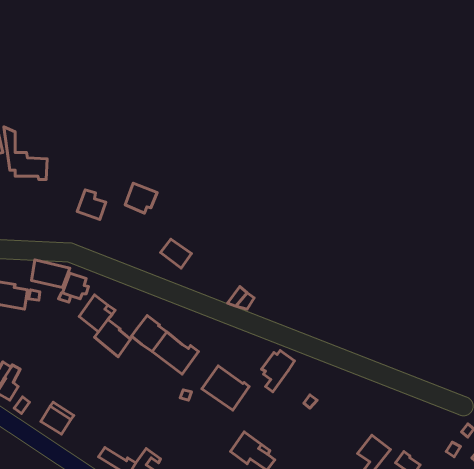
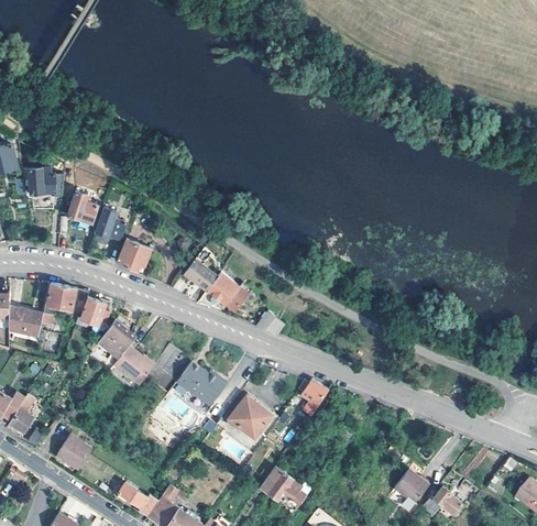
building: none -> [67,191,96,223]
building: [125,183,157,213] -> [117,239,151,271]
building: none -> [206,273,248,311]

